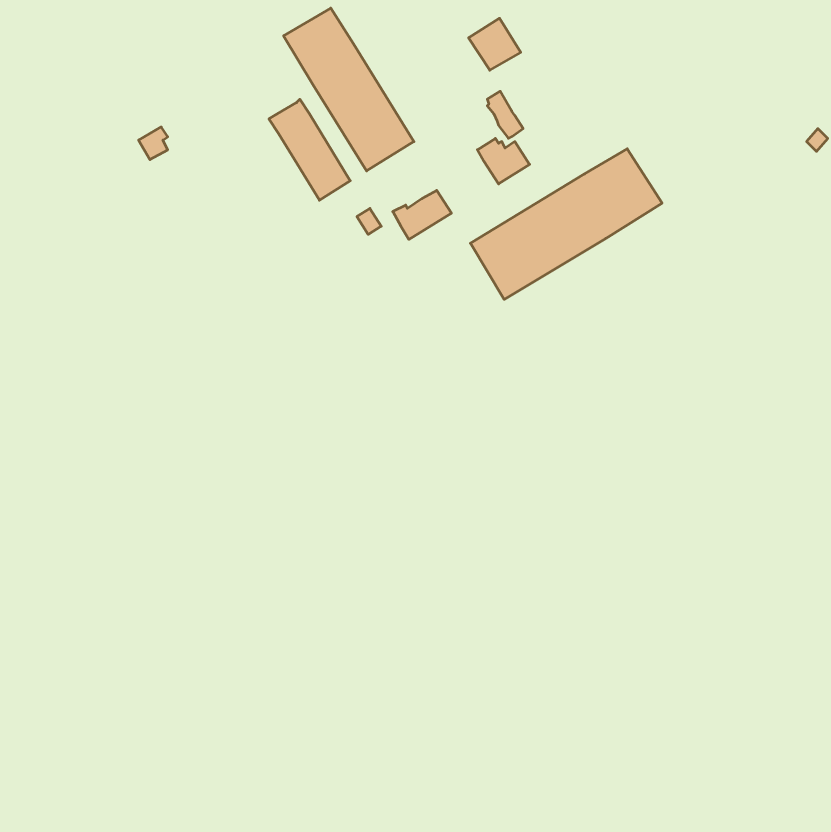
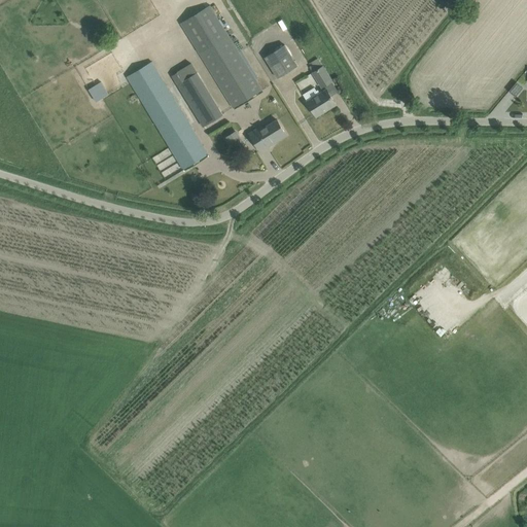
building: [469,18,521,70] -> [264,44,296,77]
building: none -> [126,62,207,170]
building: [470,149,662,299] -> none

